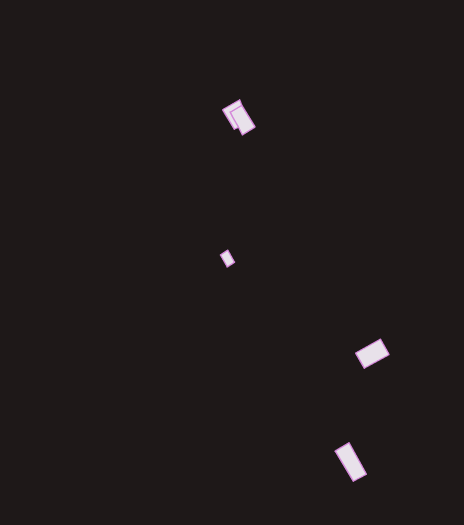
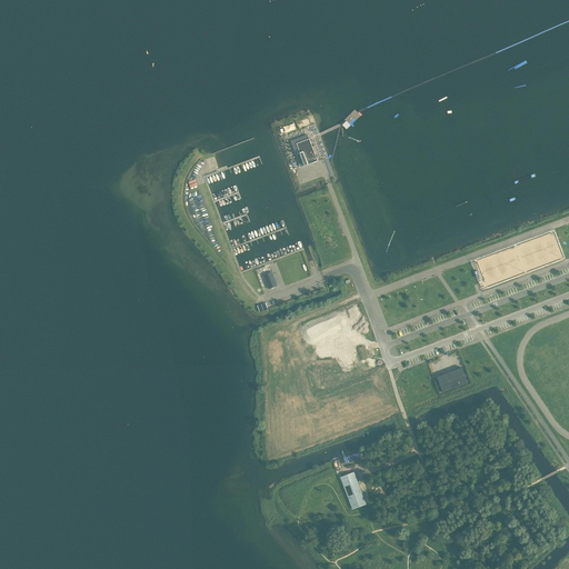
building: [356,339,389,368] -> [436,367,467,391]

